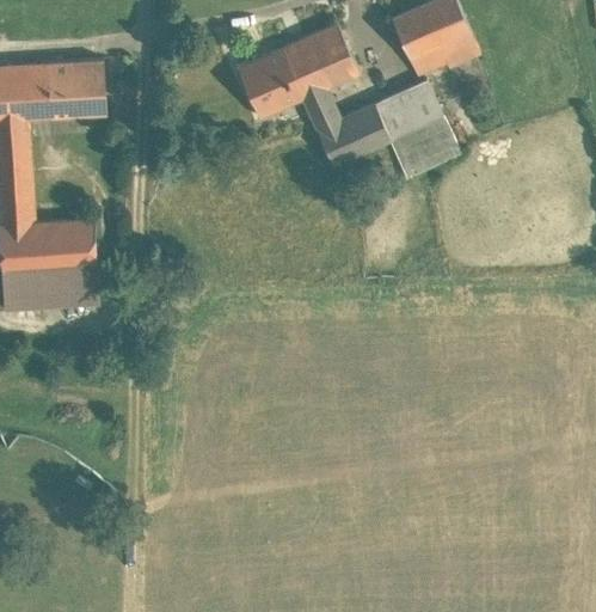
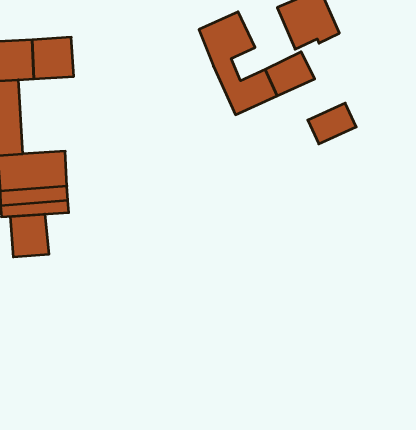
building: [236,48,301,118] -> none
building: [391,117,459,175] -> [308,103,356,144]
building: none -> [10,214,49,257]

